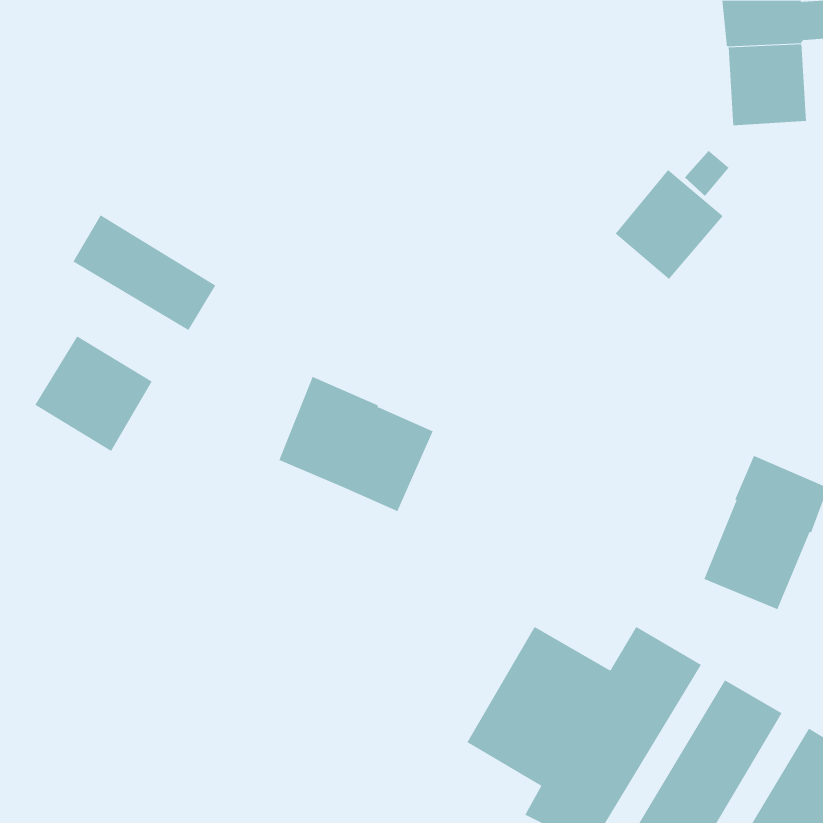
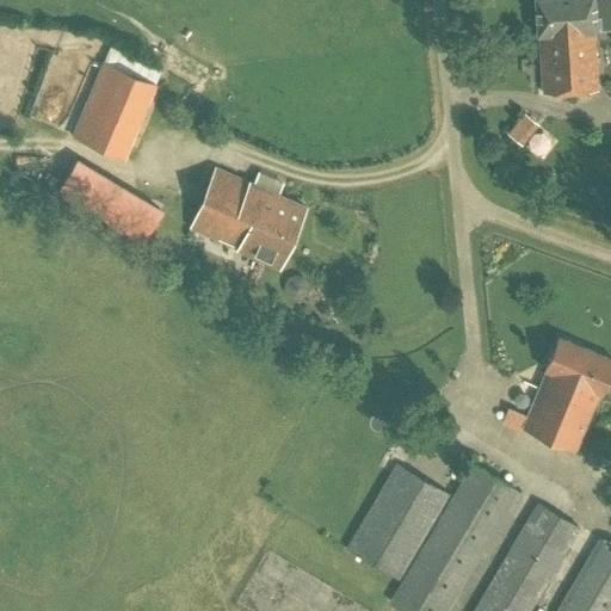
building: none -> [72,53,158,160]
building: [615,169,723,280] -> none
building: [34,335,152,452] -> none
building: [278,376,433,512] -> [190,168,304,269]

